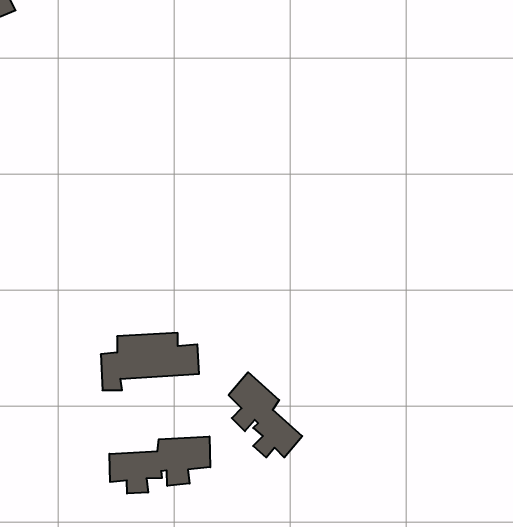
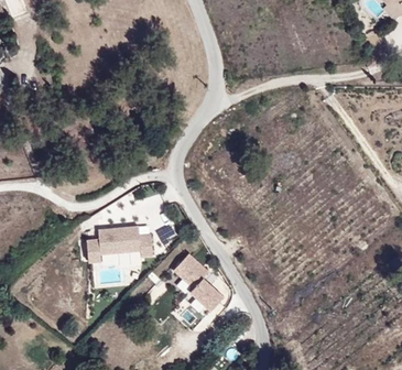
building: [109,436,210,494] -> none

